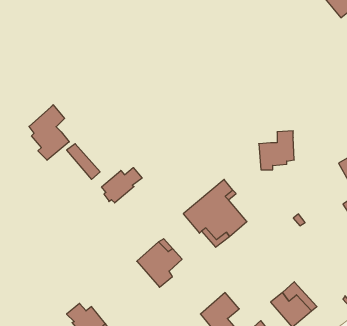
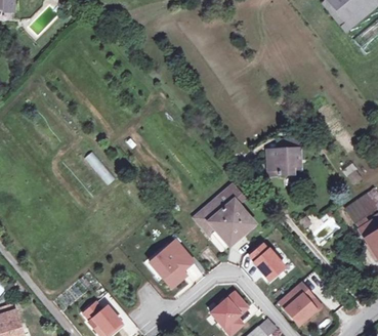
building: [29,105,69,160] -> none
building: [102,168,142,203] -> none
building: none -> [249,244,285,281]

